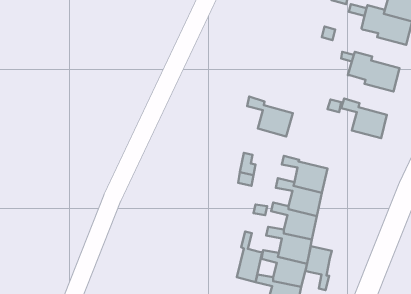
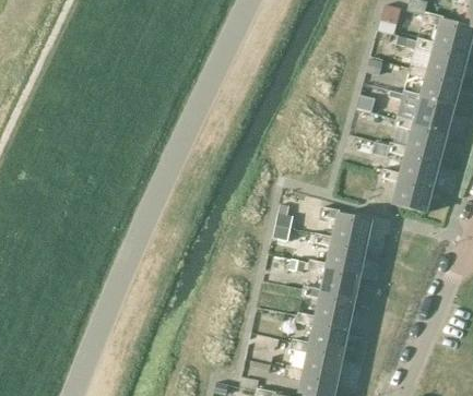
building: none -> [411,64,462,108]
building: none -> [397,116,448,160]
building: [247,96,293,136] -> [382,168,434,213]
building: [237,231,262,282] -> none
building: [305,246,332,290] -> none

